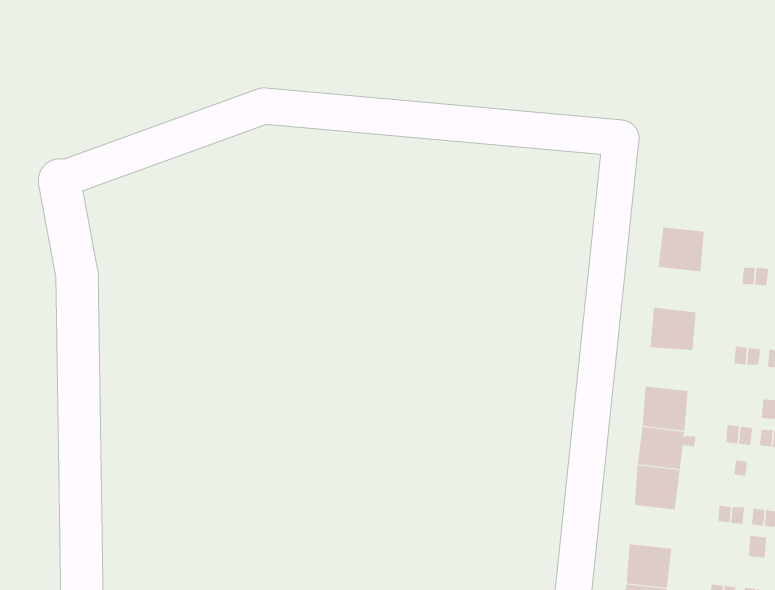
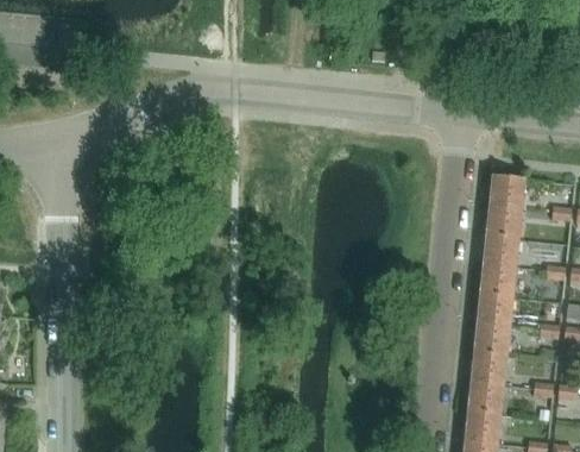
building: none -> [485,207,521,240]
building: none -> [479,266,515,299]
building: none -> [467,383,502,415]

